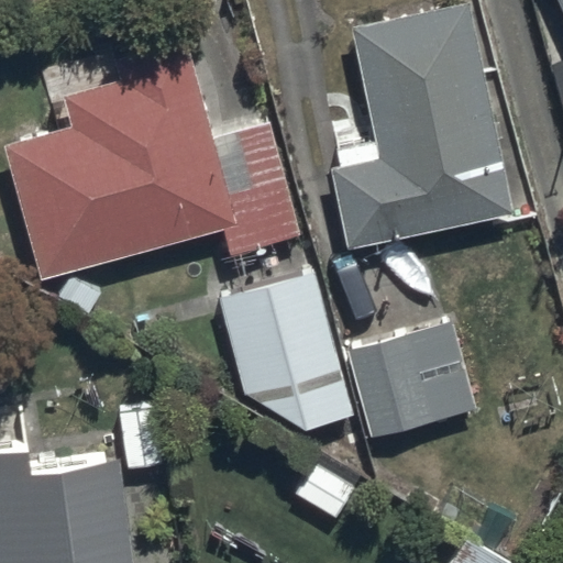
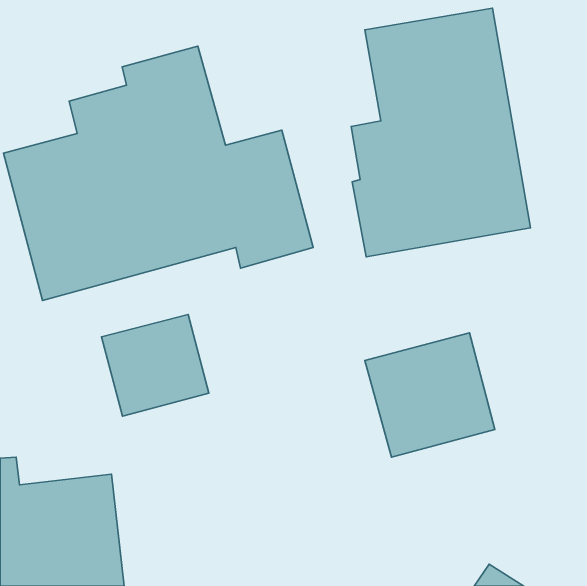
building: [224,273,350,443] -> none
building: none -> [101,315,209,416]

